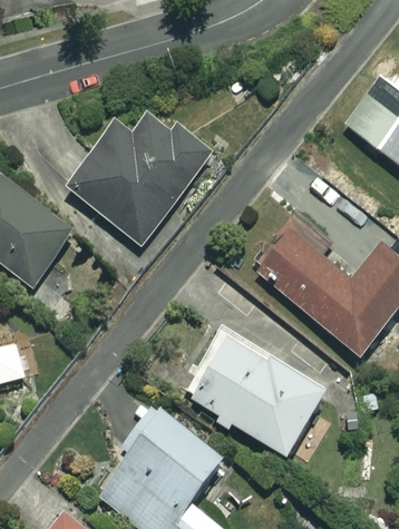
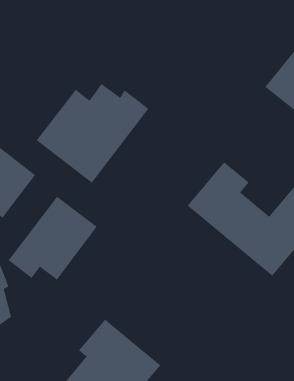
building: none -> [8,196,97,281]
building: [185,324,327,455] -> none

